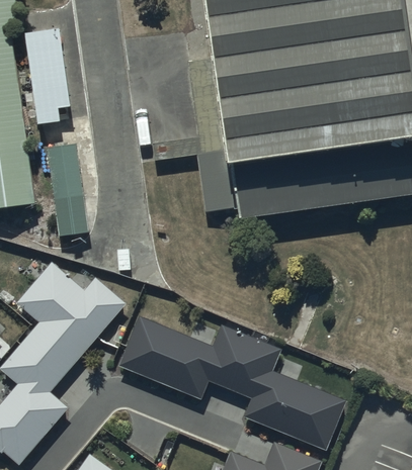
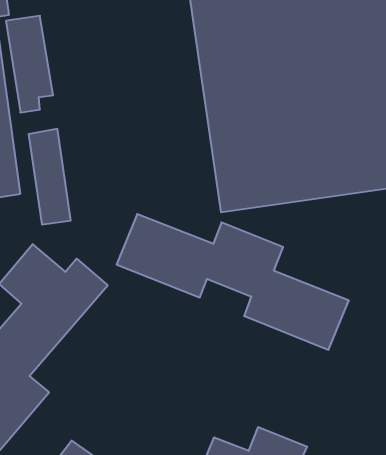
building: [117,315,346,449] -> [117,214,349,350]

